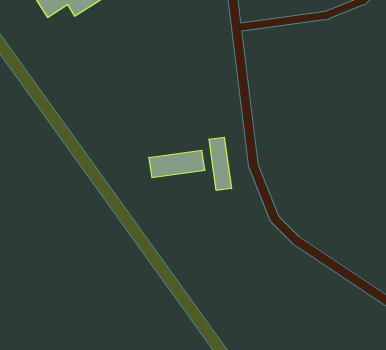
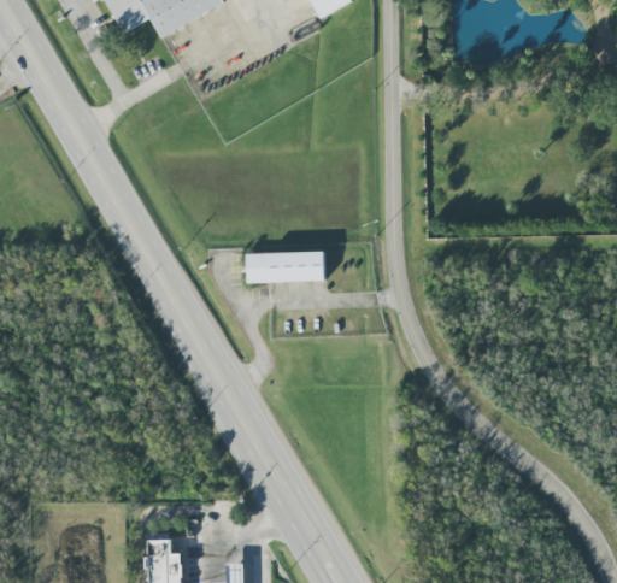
building: [209,137,231,190] -> none

